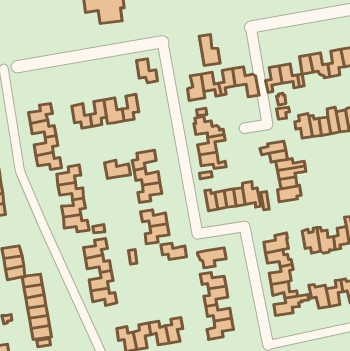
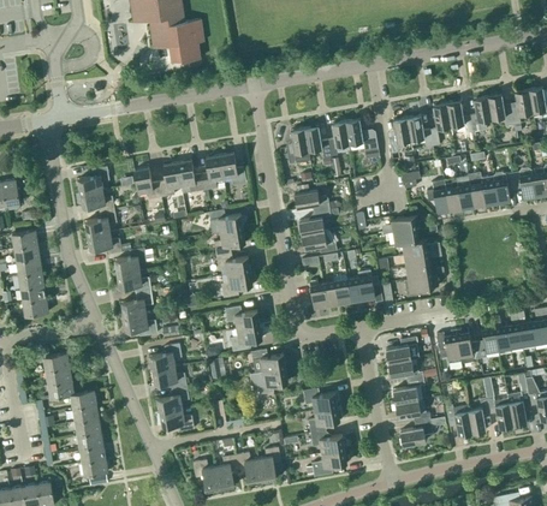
building: [199,34,220,65] -> none
building: [136,59,158,83] -> [219,154,246,185]
building: [105,160,130,178] -> [209,210,243,234]
building: [198,248,226,268] -> [250,369,287,395]

